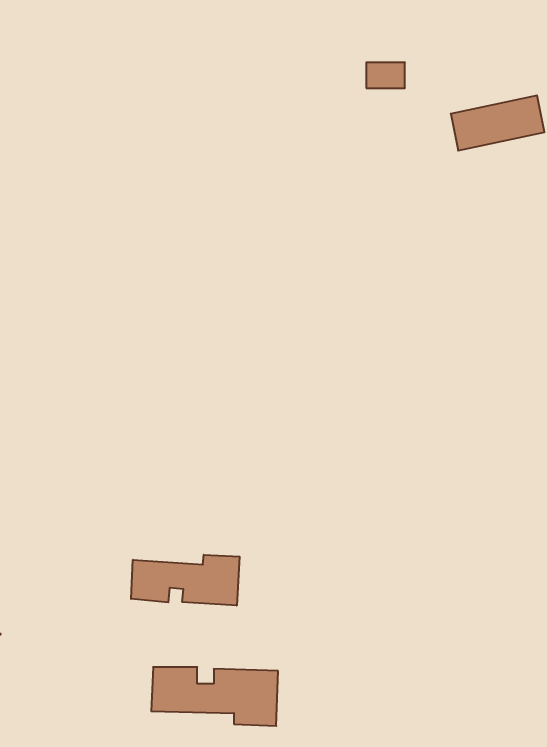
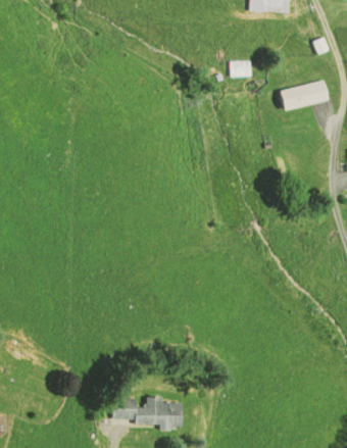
building: [131,555,240,606] -> none

